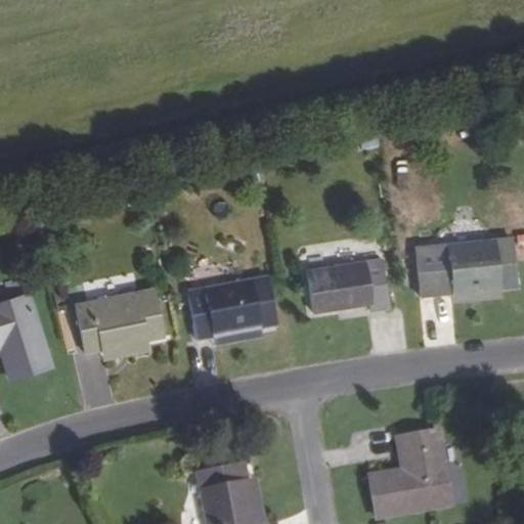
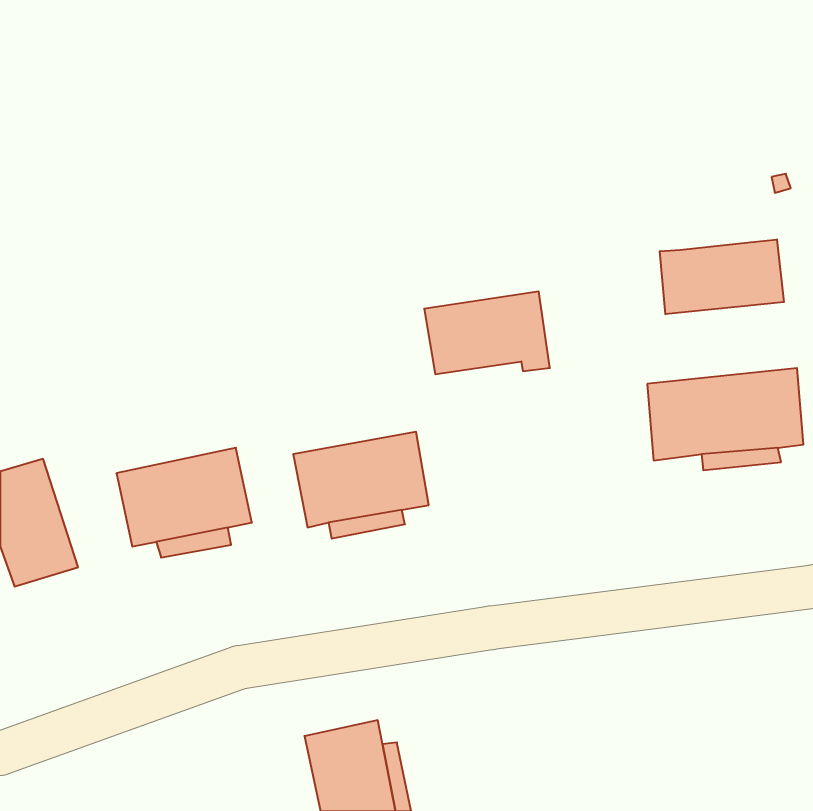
building: none -> [660,239,784,314]
building: [307,258,388,311] -> [424,291,550,374]
building: [369,431,450,517] -> none

